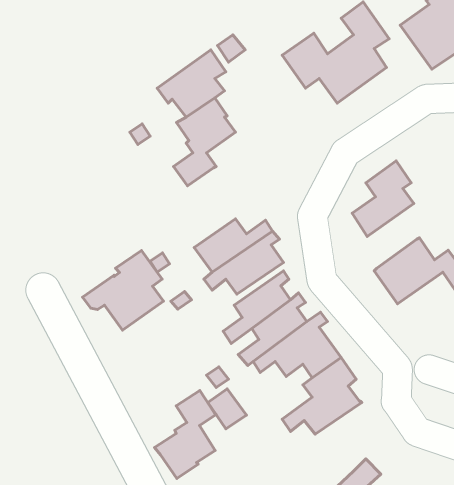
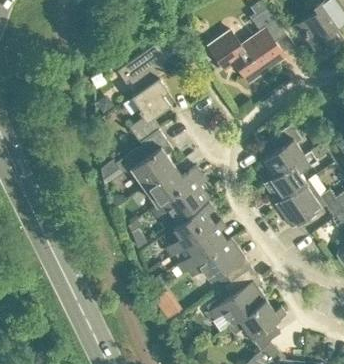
building: none -> [264,151,317,202]
building: [83,250,164,330] -> [115,129,174,187]
building: [155,391,216,479] -> none
building: none -> [228,300,285,350]

